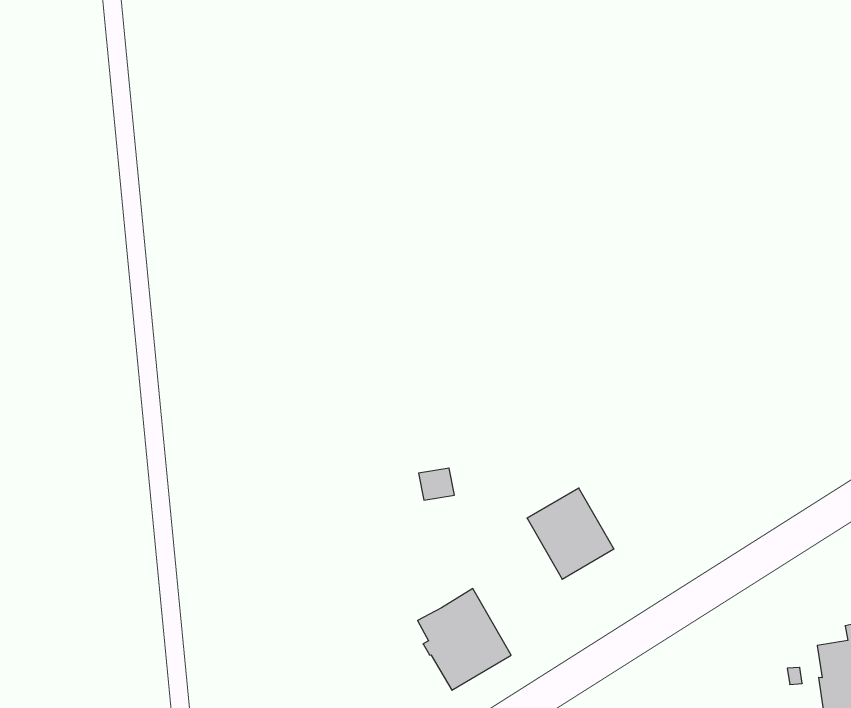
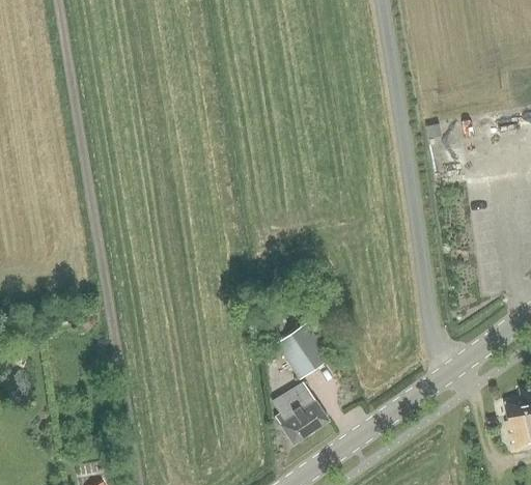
building: [527,488,614,579] -> [275,322,327,376]

